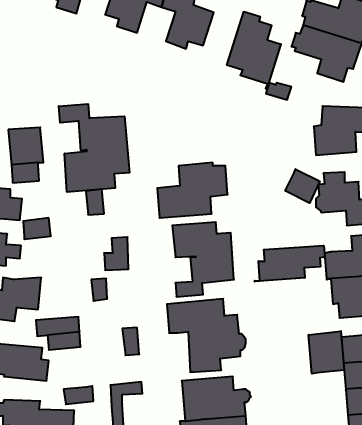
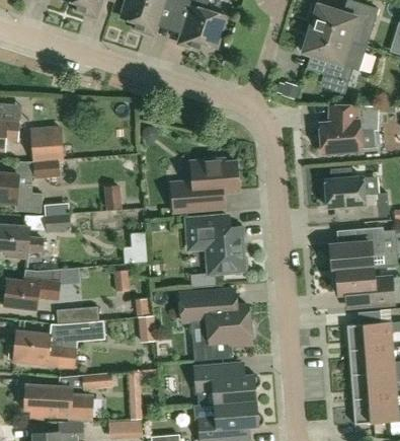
building: [227,12,281,89] -> none
building: [59,104,129,192] -> none
building: [285,169,320,203] -> none
building: [255,246,325,282] -> none
building: [309,331,344,374] -> none

